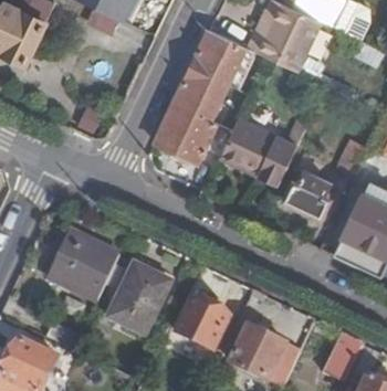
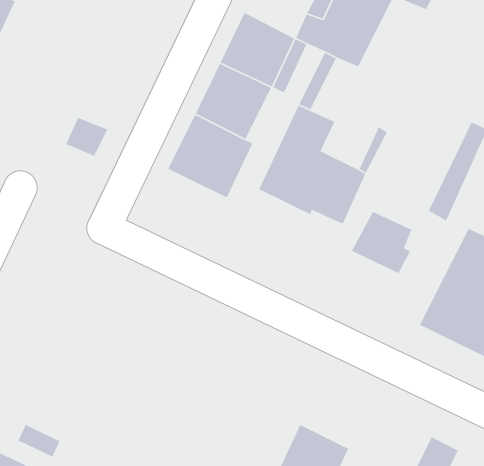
building: [48,233,116,299] -> none
building: [107,264,170,334] -> none
building: [176,298,229,349] -> none

